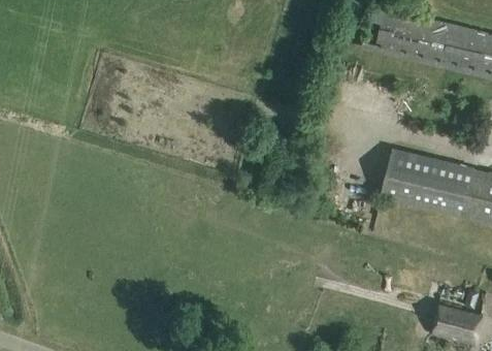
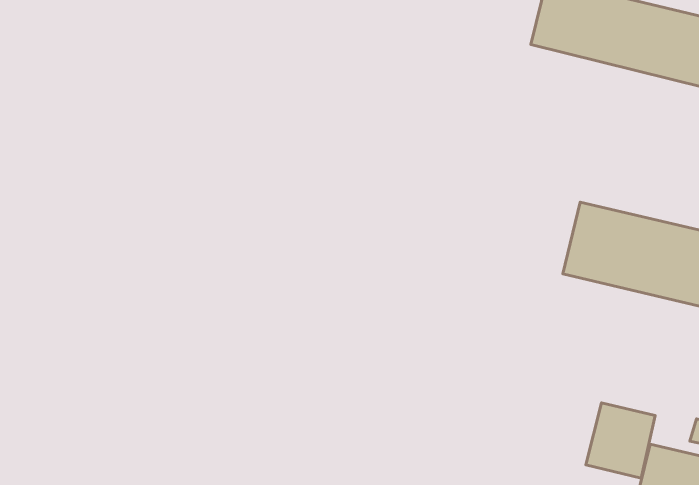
building: none -> [586,403,655,478]

